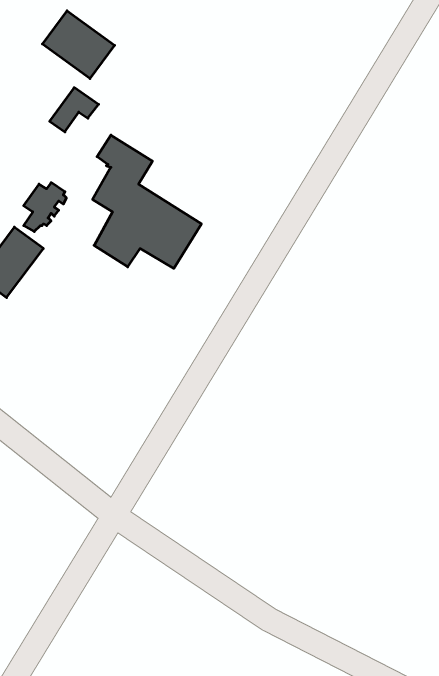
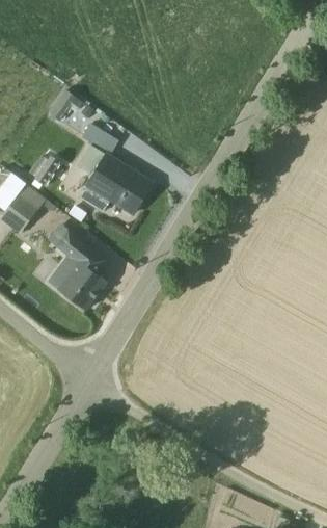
building: [42,11,115,79] -> none
building: none -> [48,222,108,309]

